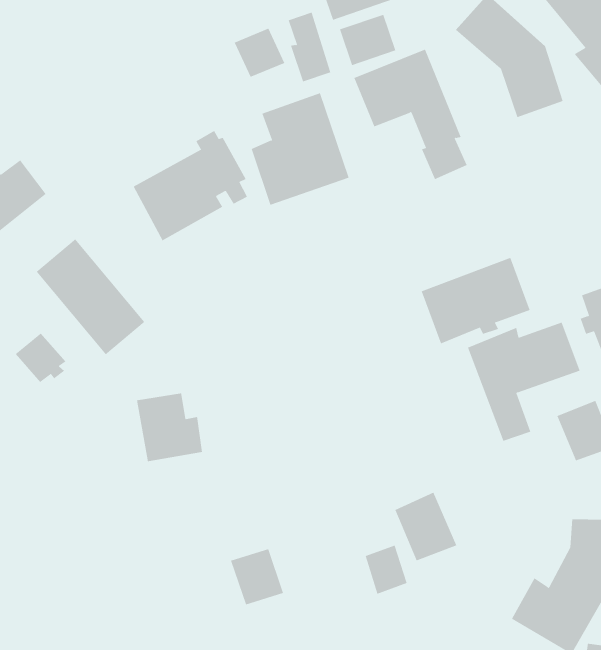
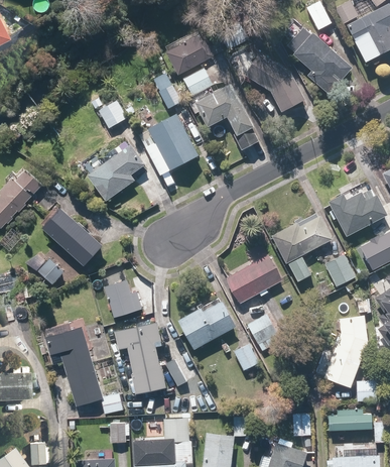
building: [234,28,285,78] -> [99,101,127,128]
building: [421,257,531,344] -> [225,254,283,305]
building: none -> [178,300,236,350]
building: none -> [43,323,124,416]
building: none -> [114,322,166,393]

